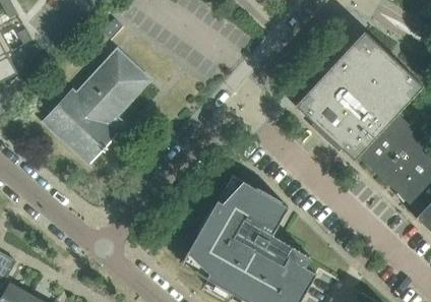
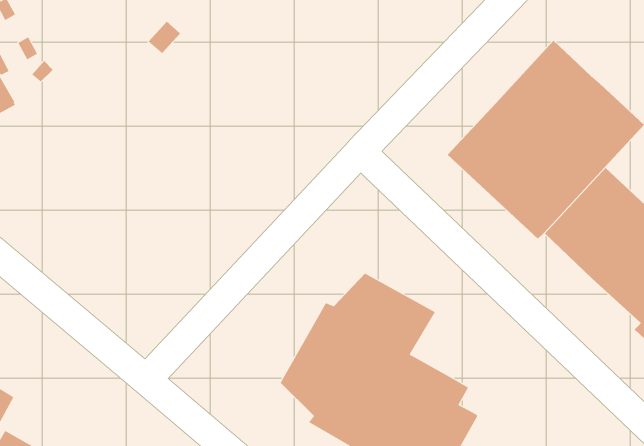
building: [45,50,148,164] -> none

